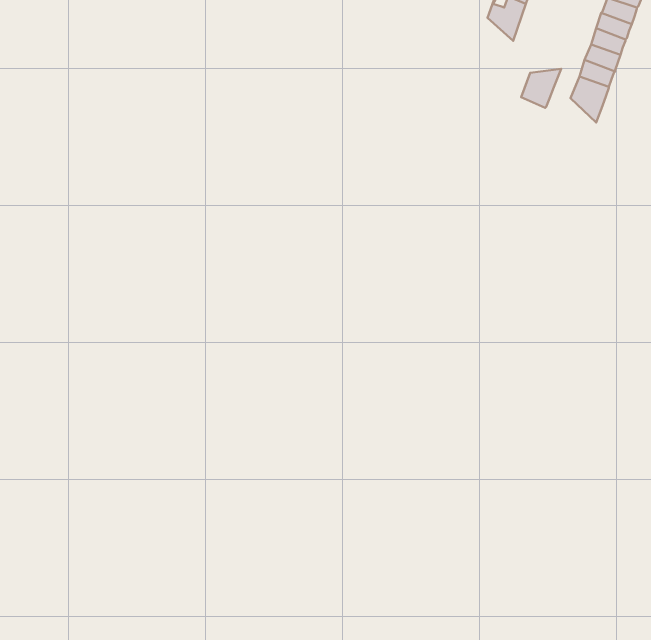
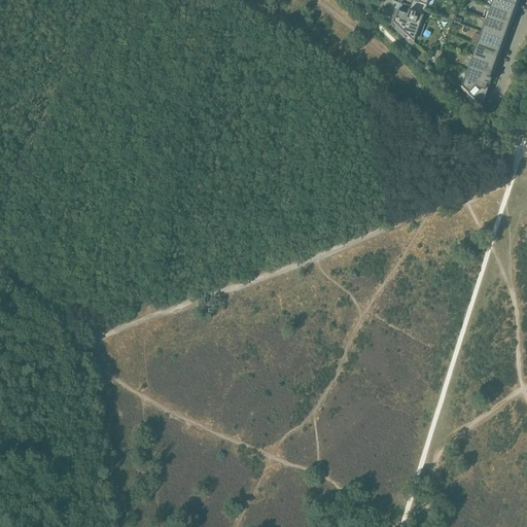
building: [521,69,561,108] -> none

